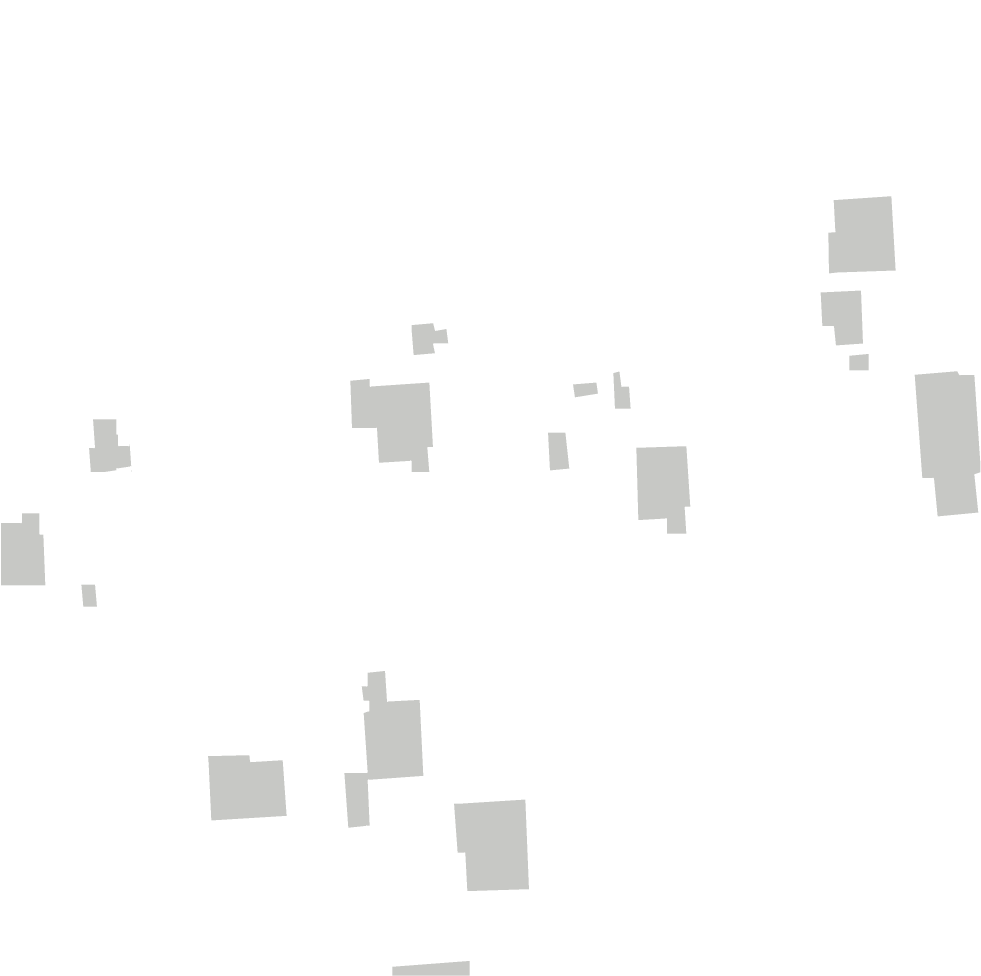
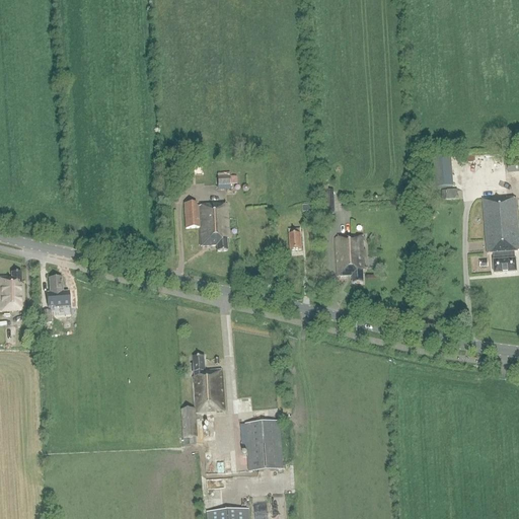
building: [828,195,896,274] -> none
building: [88,419,132,474] -> [47,276,70,305]
building: [207,754,287,821] -> none

